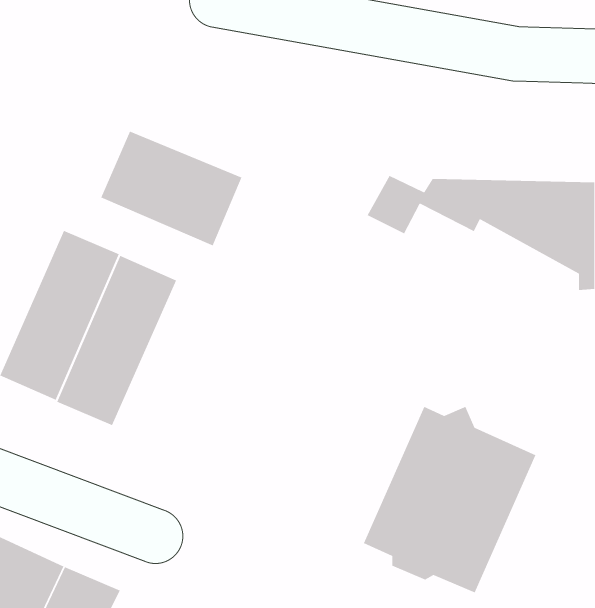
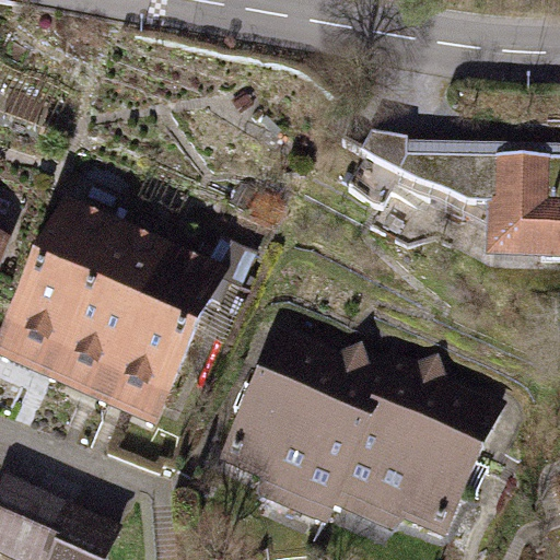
building: [100,131,243,246] -> none
building: none -> [103,259,220,416]
building: none -> [220,345,380,516]

